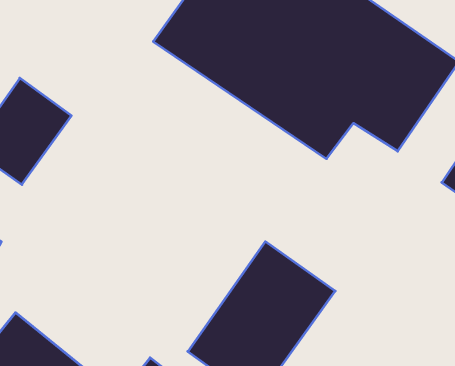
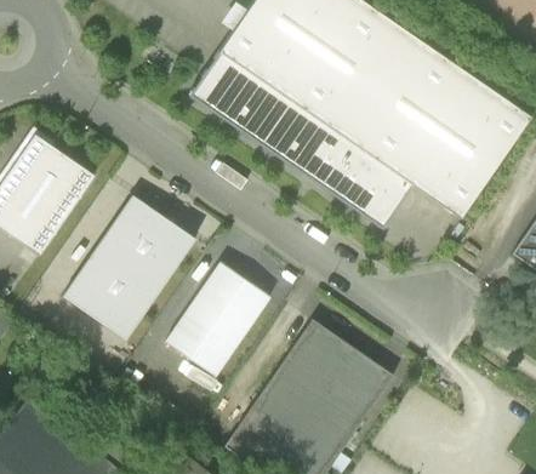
building: none -> [63,195,196,339]
building: none -> [166,265,270,379]

